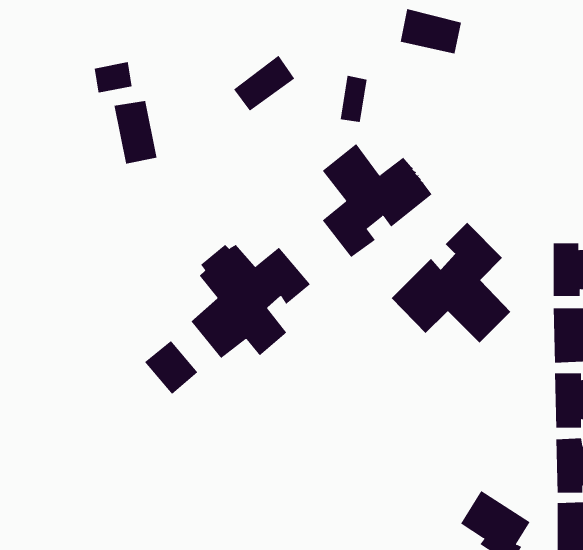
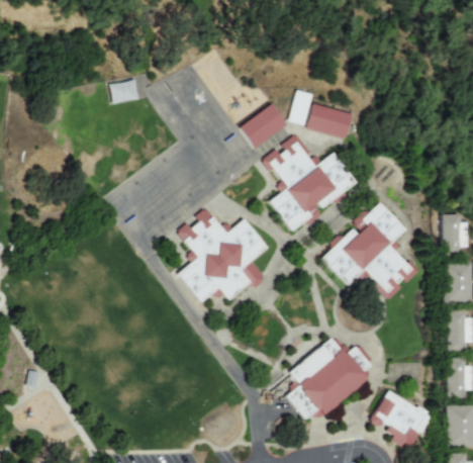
building: [400,9,462,54] -> [309,104,355,137]
building: [233,55,295,112] -> [242,105,287,147]
building: [114,100,157,164] -> none
building: [144,340,198,395] -> none
building: none -> [290,339,373,419]

